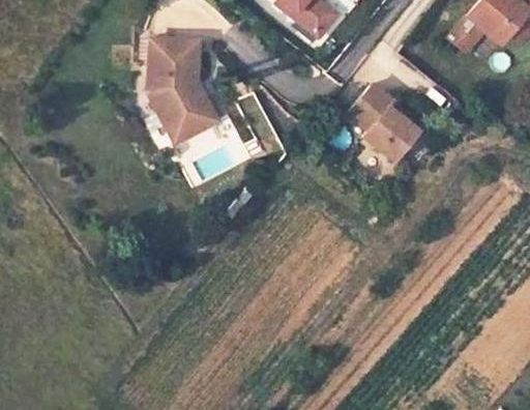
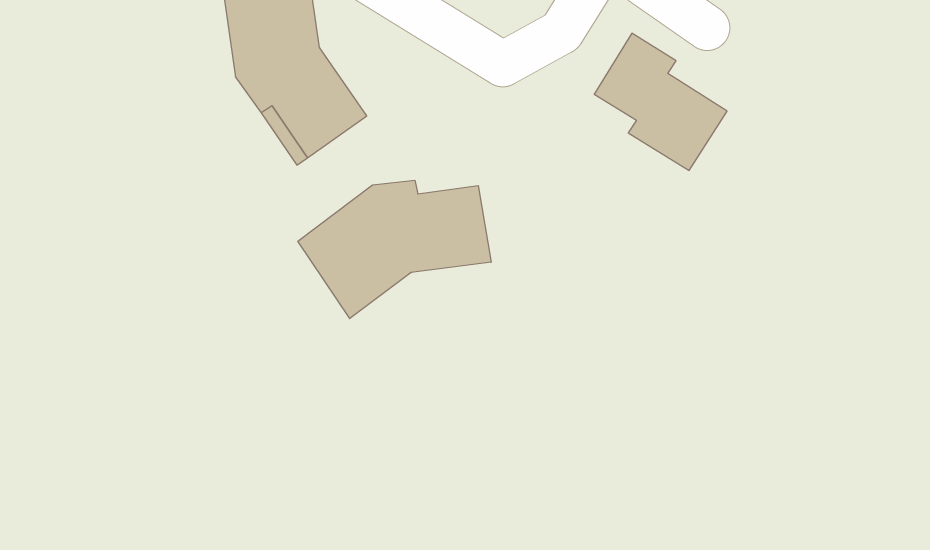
building: none -> [298,180,491,319]

